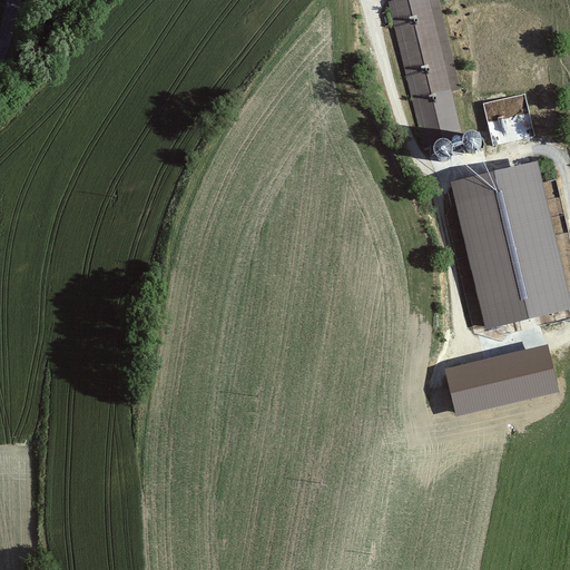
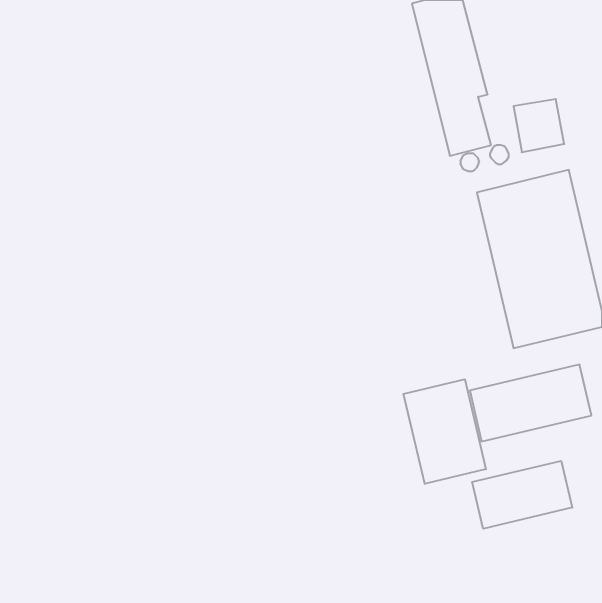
building: none -> [403,379,486,484]
building: none -> [472,461,572,529]

